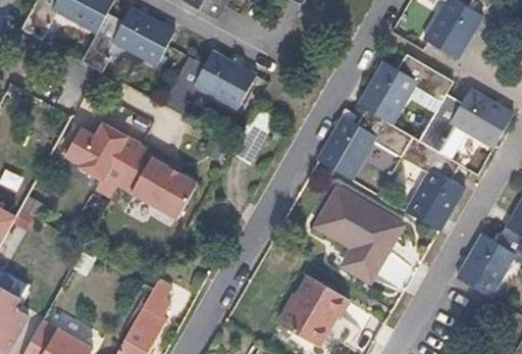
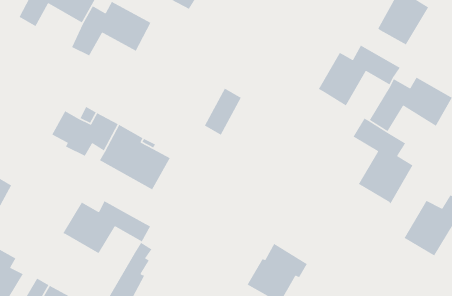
building: [164,52,257,115] -> none
building: [316,110,411,181] -> none
building: [313,184,407,280] -> none
building: none -> [62,200,151,254]

